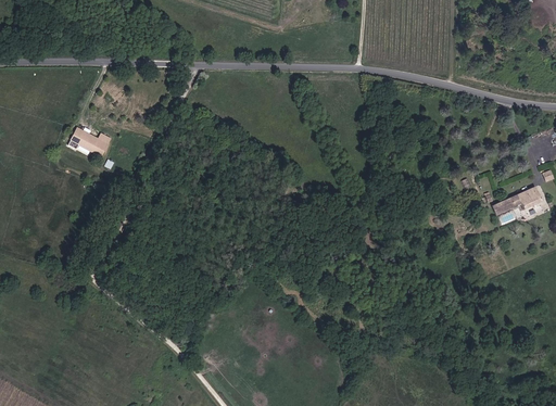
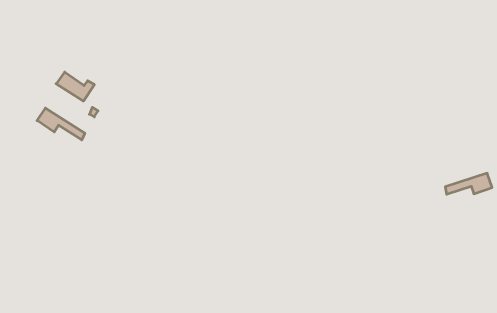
building: none -> [37,108,85,140]

